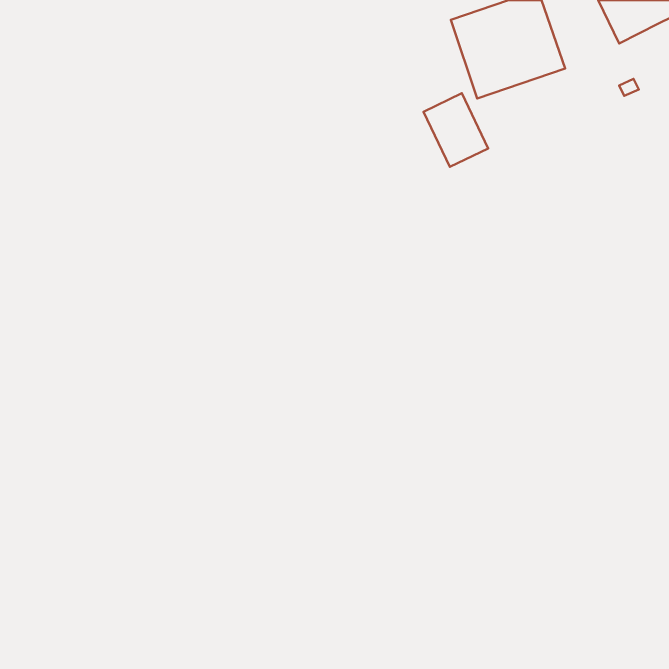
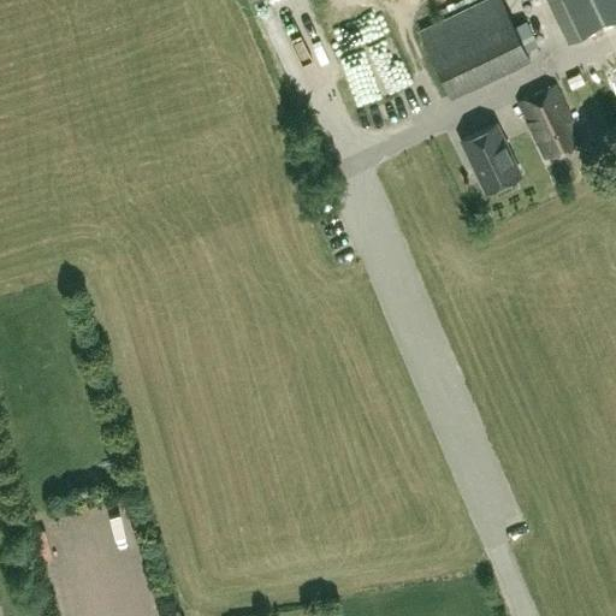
building: none -> [521,87,585,161]
building: [424,93,488,167] -> [463,126,522,194]

